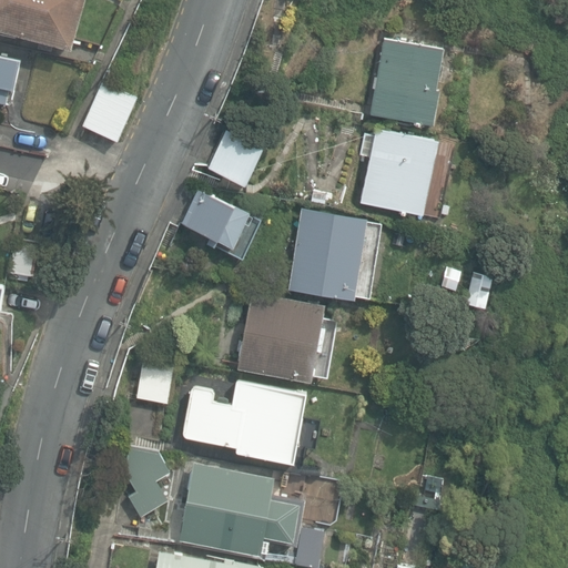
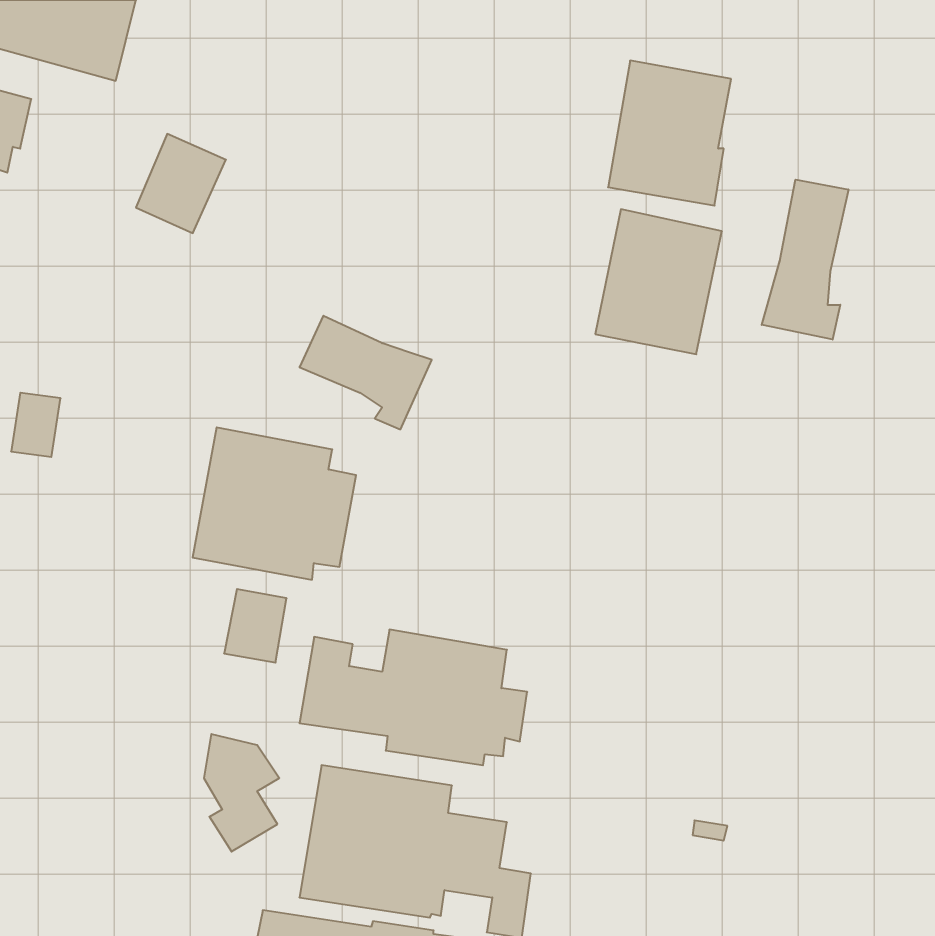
building: none -> [762,180,848,340]
building: [207,130,262,185] -> none
building: [287,210,381,303] -> none
building: [237,292,336,384] -> [193,427,356,580]

